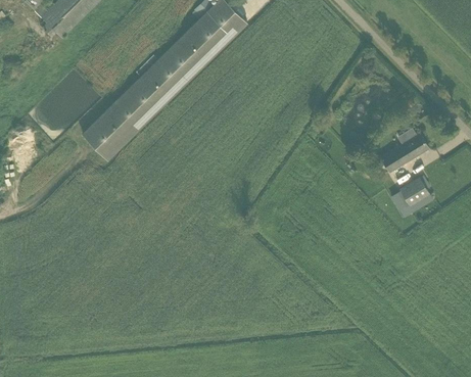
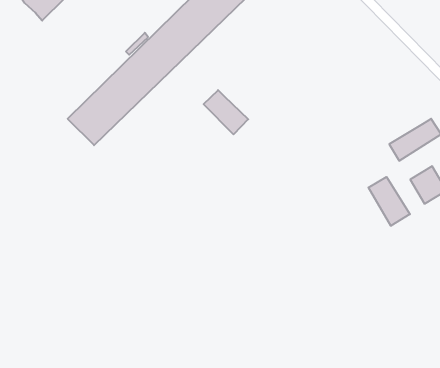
building: none -> [204,90,248,134]
building: none -> [368,177,410,226]

